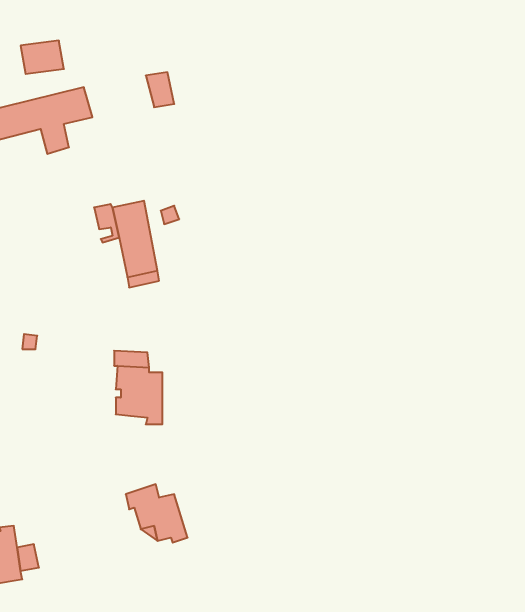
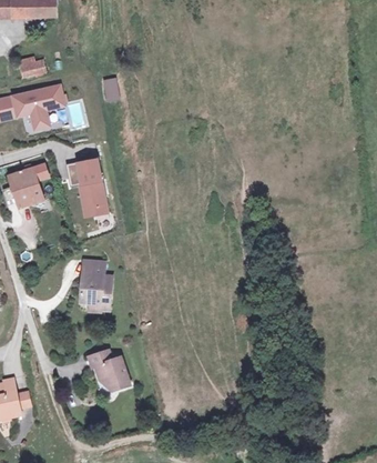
building: none -> [10,167,48,208]

